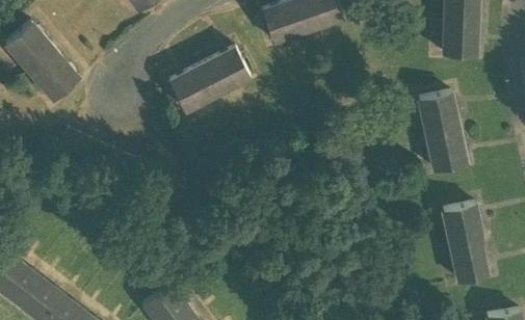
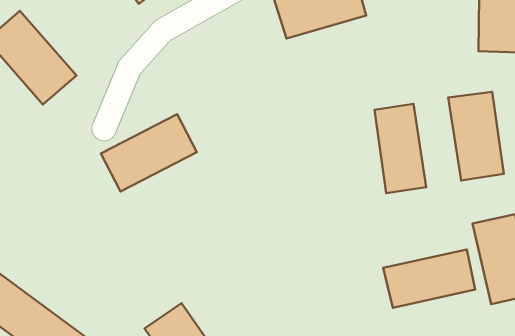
building: [166,45,253,114] -> [101,114,197,191]
building: none -> [374,104,426,193]
building: none -> [383,250,475,308]

